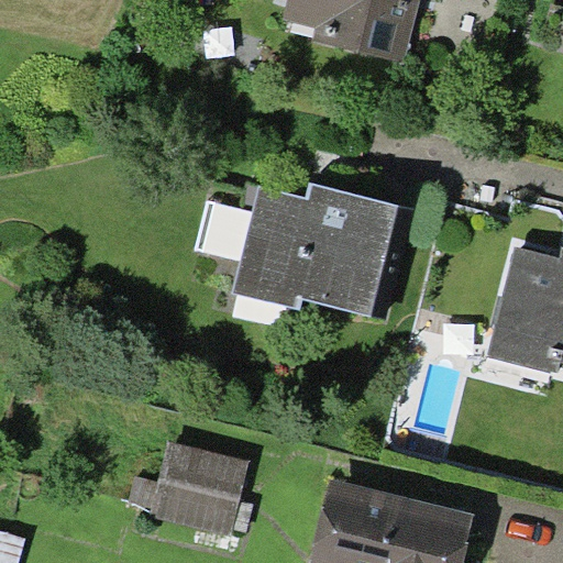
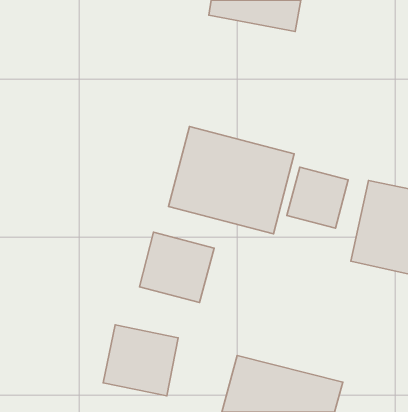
building: none -> [287,167,348,228]
building: none -> [139,232,214,302]

